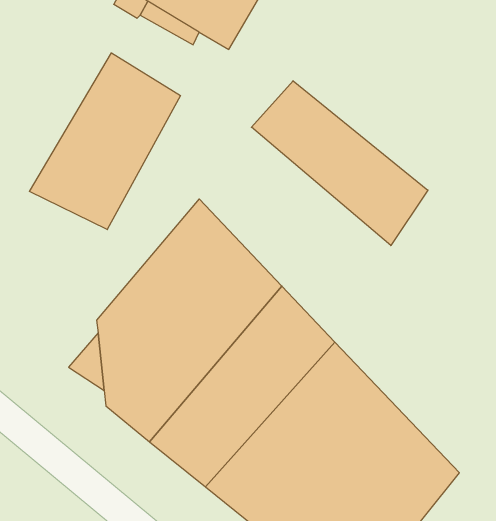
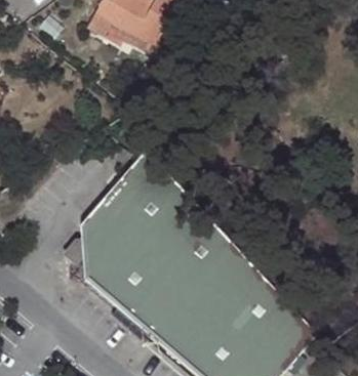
building: [29,53,180,230] -> none
building: [251,81,428,246] -> none

